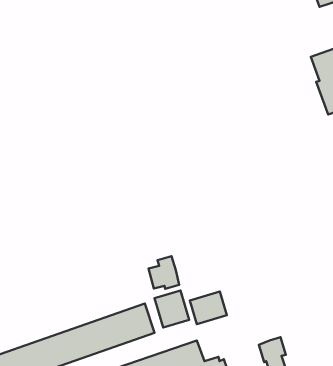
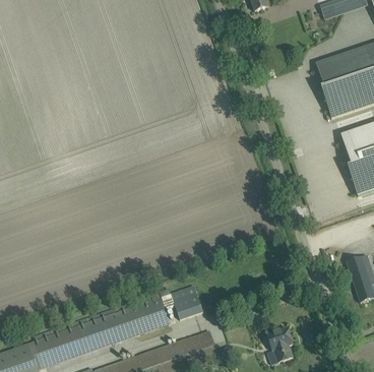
building: [148,256,179,289] -> none
building: [190,292,227,324] -> none

